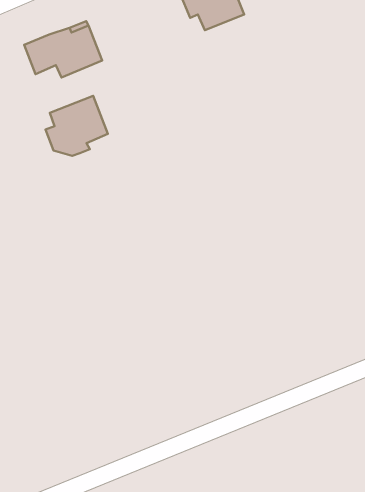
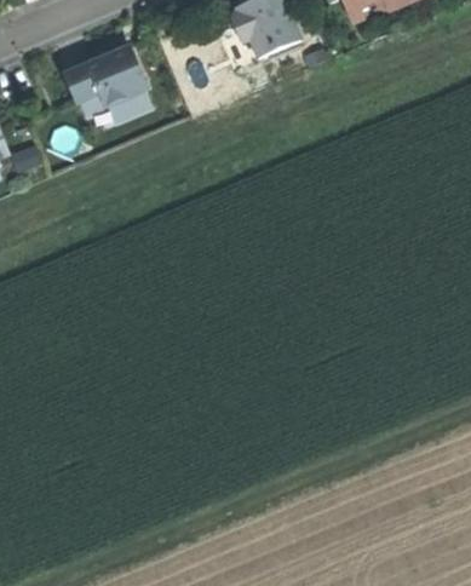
building: [46,96,108,156] -> none

